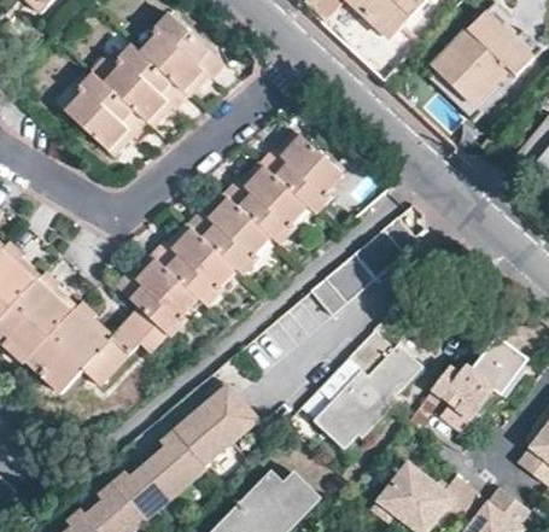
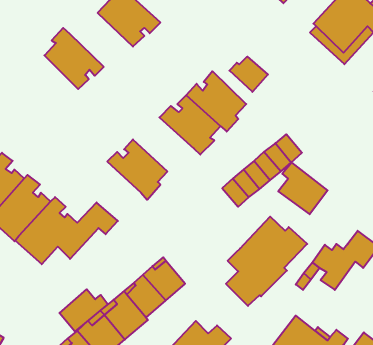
building: [87,43,186,128] -> none
building: none -> [229,57,268,92]
building: [186,193,269,275] -> none
building: [112,253,197,337] -> none
building: none -> [278,162,328,214]
building: none -> [59,289,108,331]

